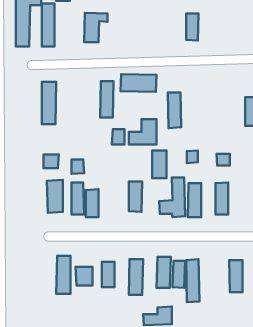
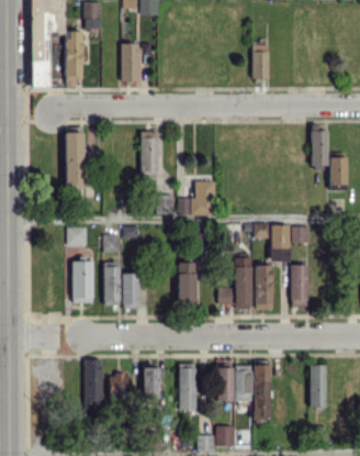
building: [120,74,156,92] -> none
building: [168,93,181,128] -> [312,124,329,170]
building: [152,150,166,178] -> [271,225,290,262]

